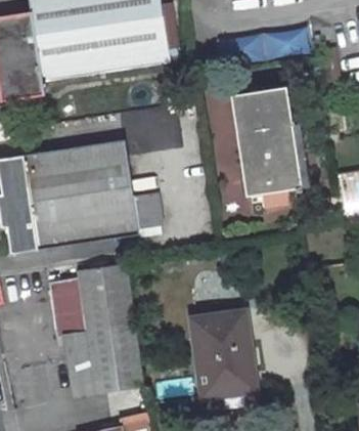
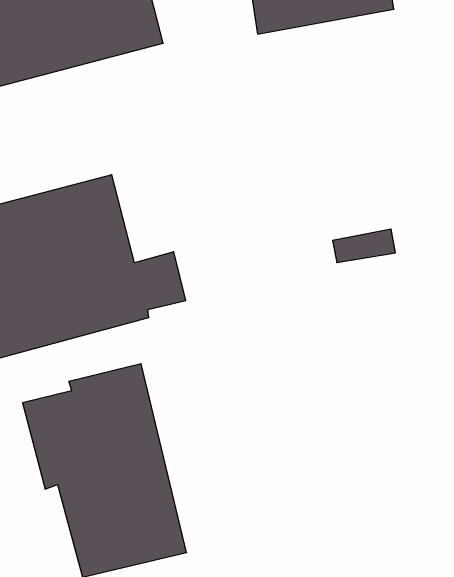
building: [228,86,300,196] -> none
building: [196,310,259,395] -> none

